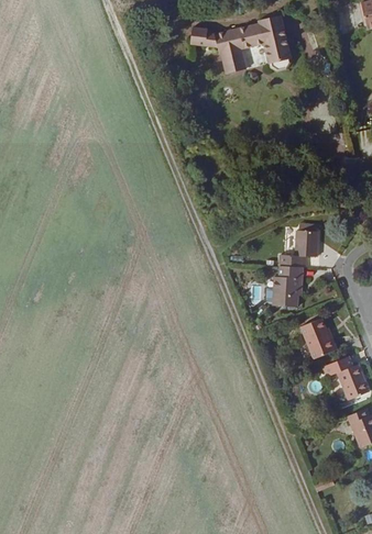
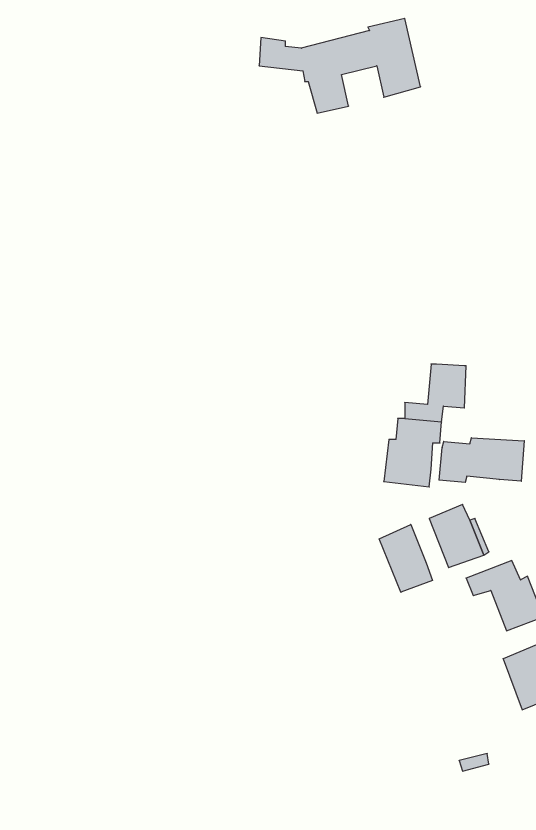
building: none -> [439,438,524,482]
building: none -> [379,524,432,592]

